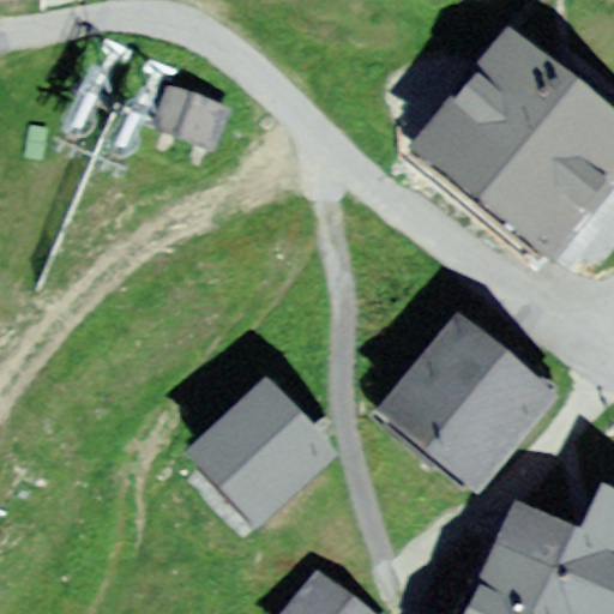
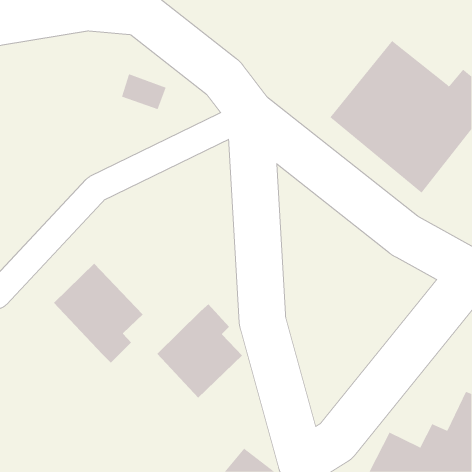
building: [391,336,548,478] -> none
building: none -> [53,263,144,364]

